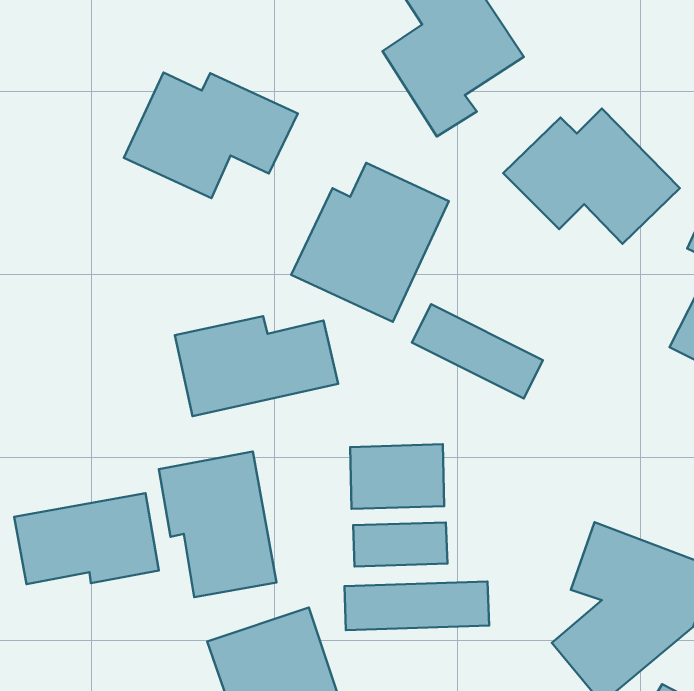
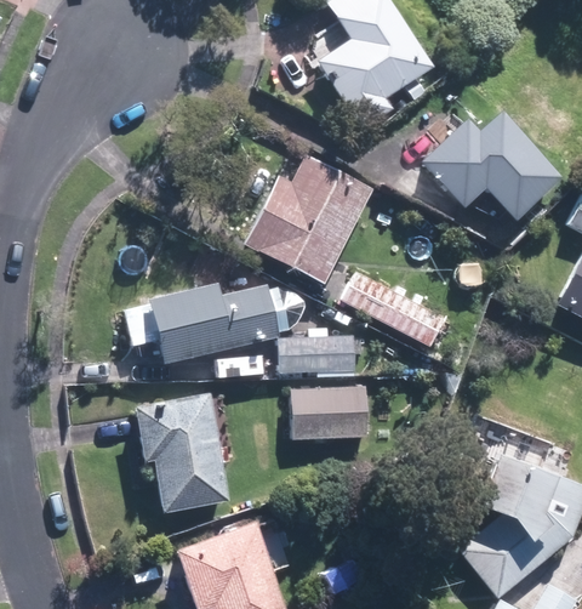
building: [124,72,298,198] -> none
building: [14,493,159,584] -> none
building: [353,522,447,567] -> [280,337,358,374]
building: [344,582,489,630] -> none

